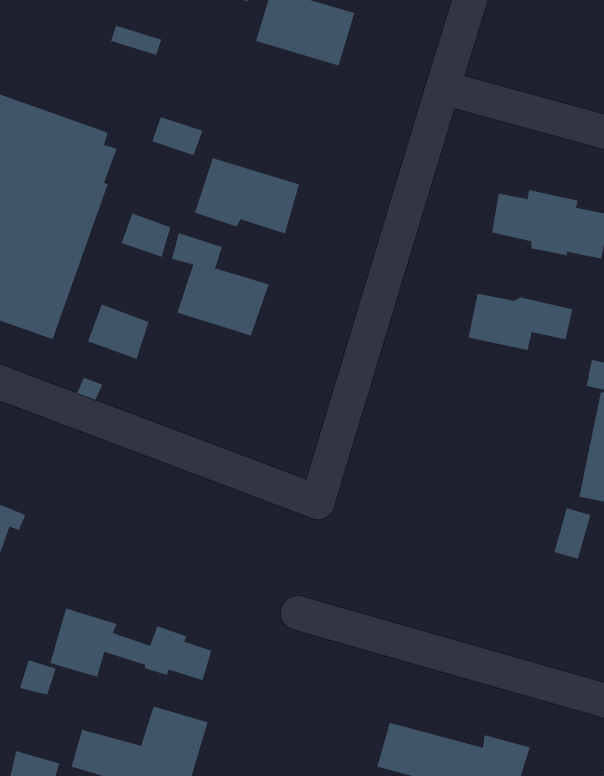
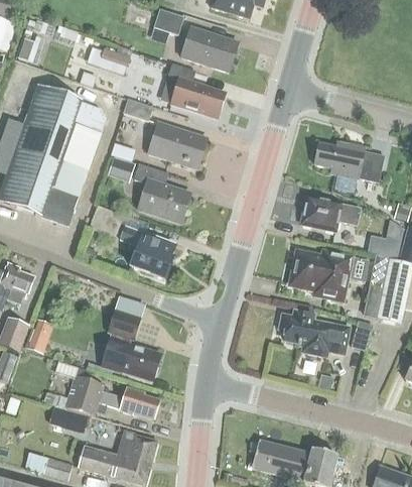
building: none -> [163,60,223,116]
building: none -> [118,226,174,278]
building: none -> [289,249,353,300]
building: none -> [103,309,161,380]
building: none -> [280,310,349,355]

